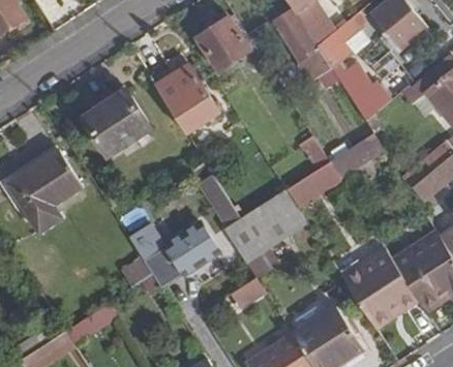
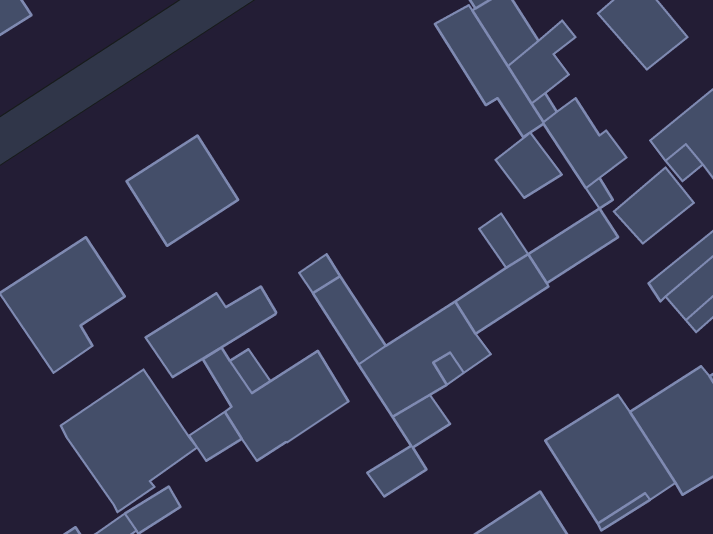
building: [195,17,250,70] -> none
building: [156,64,218,132] -> none
building: none -> [495,133,562,198]
building: none -> [614,168,694,244]
building: none -> [146,287,276,377]
building: none -> [61,370,197,512]

